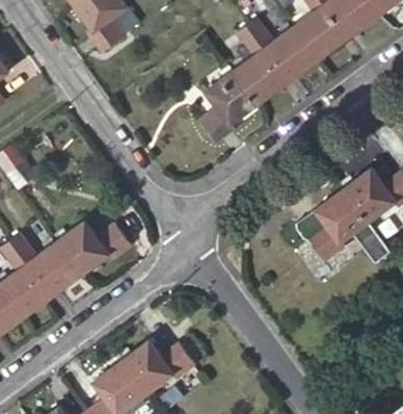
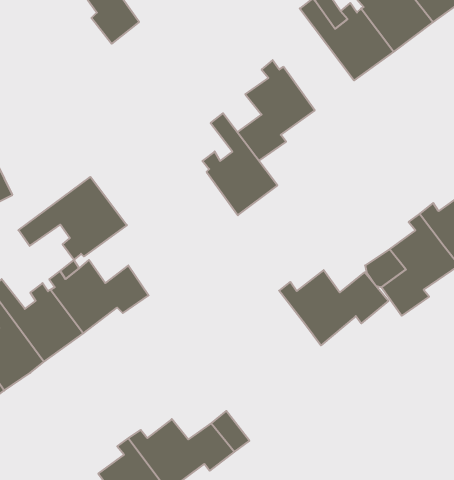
building: [231,27,288,105] -> [202,113,277,215]
building: none -> [18,177,127,260]
building: none -> [279,270,388,345]

